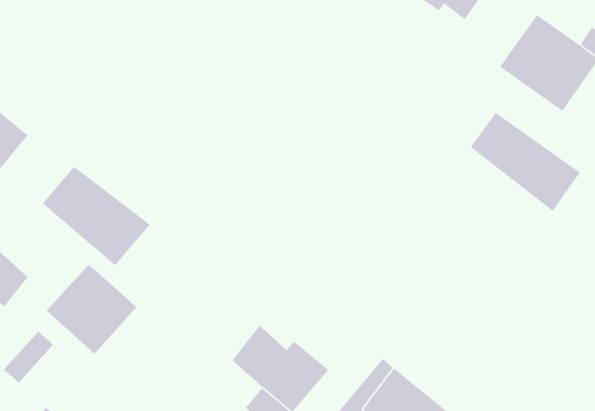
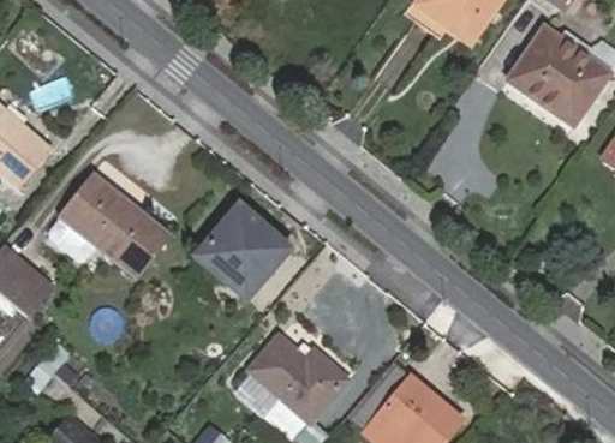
building: [470,112,581,212] -> none
building: none -> [196,206,287,298]
building: [46,264,137,355] -> none

